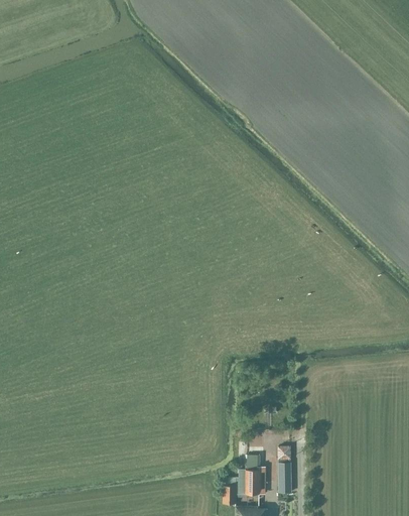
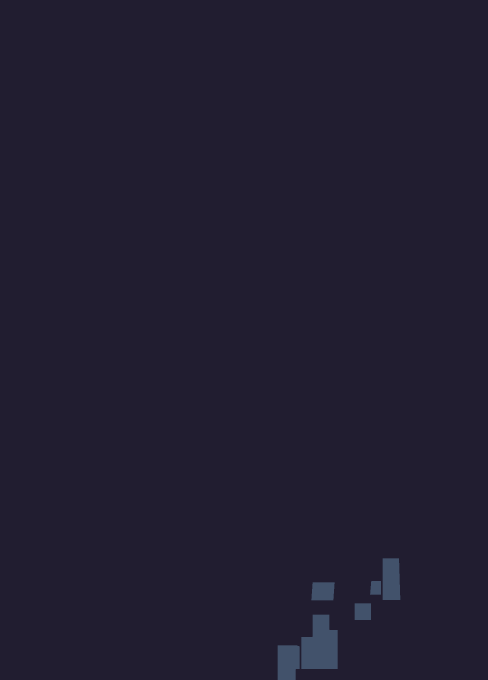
building: [278,464,292,495] -> [382,557,401,601]

